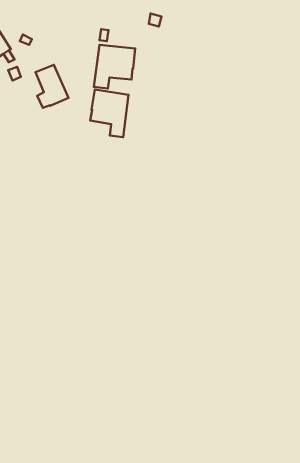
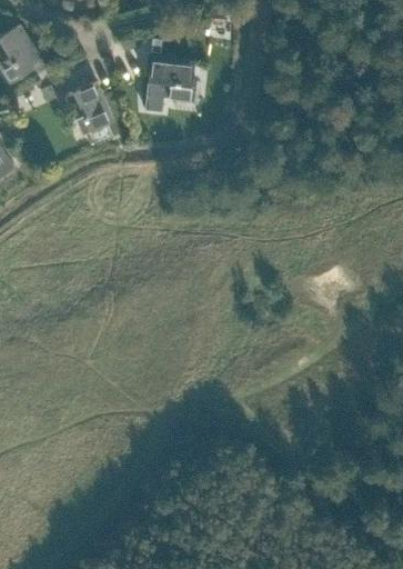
building: [90,90,129,137] -> none

